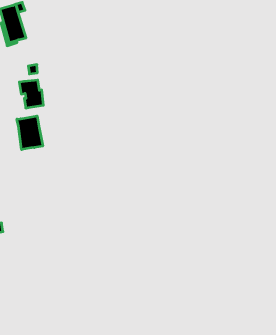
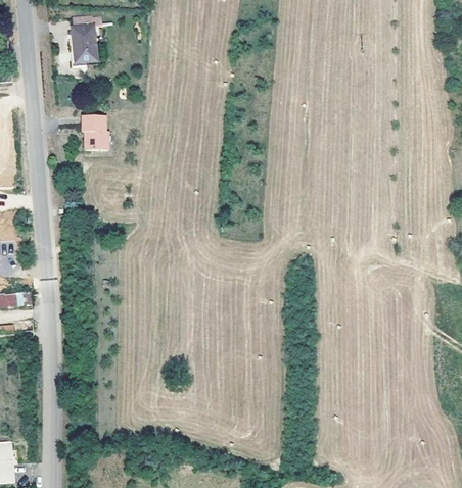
building: [17,116,43,150] -> none

